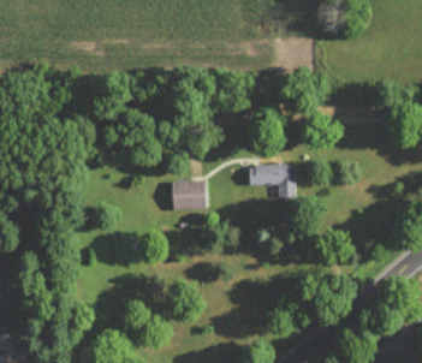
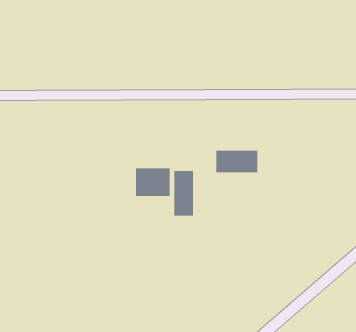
building: none -> [174,170,193,216]

